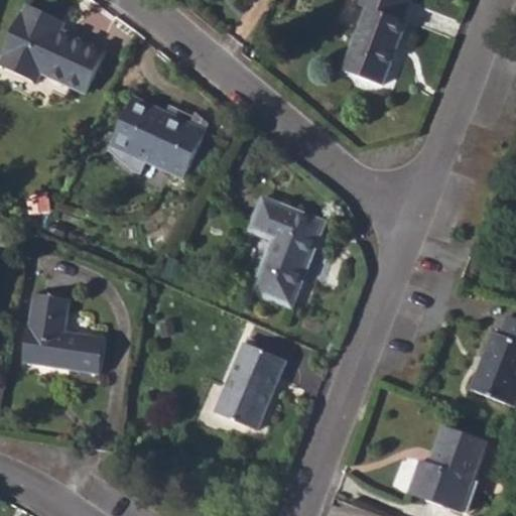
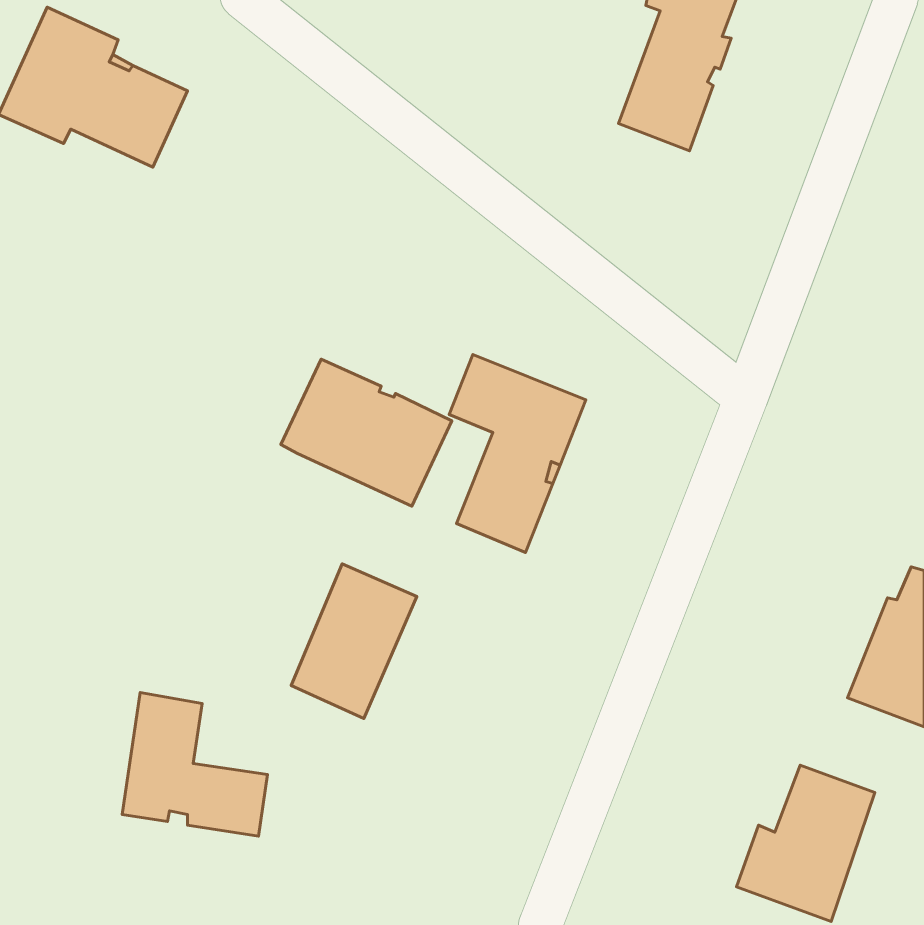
building: [111,96,206,177] -> [281,359,452,506]
building: [24,292,105,372] -> [122,693,268,836]
building: [216,343,285,428] -> [291,564,417,718]

